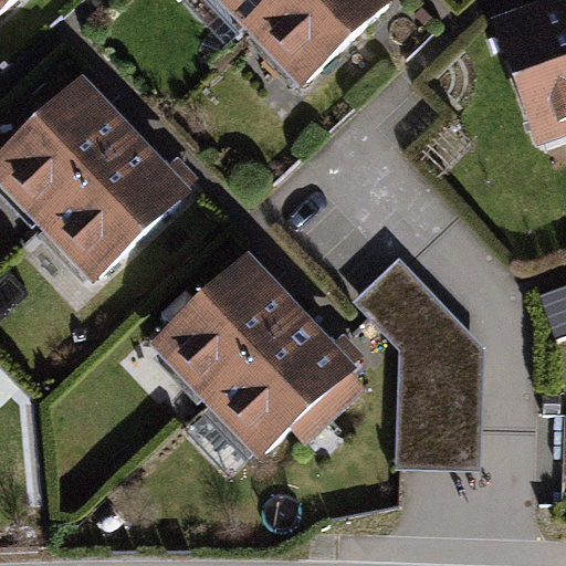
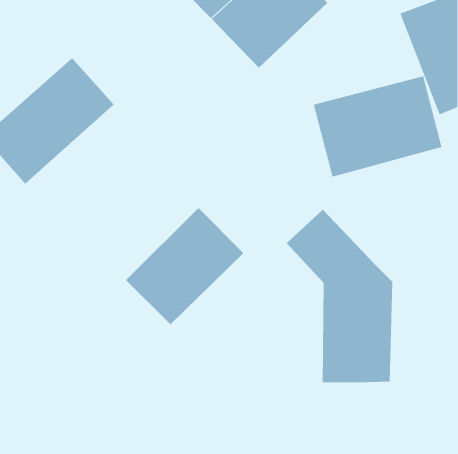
building: none -> [313,76,442,177]
building: [31,128,192,284] -> none
building: [209,311,355,455] -> none

